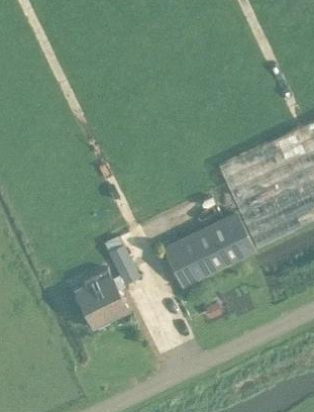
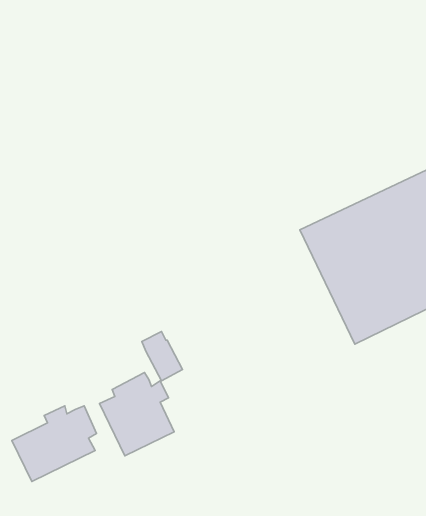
building: [162,213,254,286] -> none
building: none -> [12,406,96,481]

